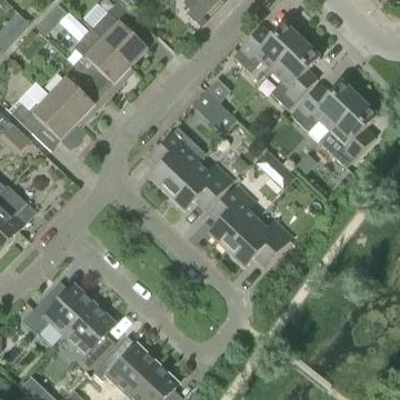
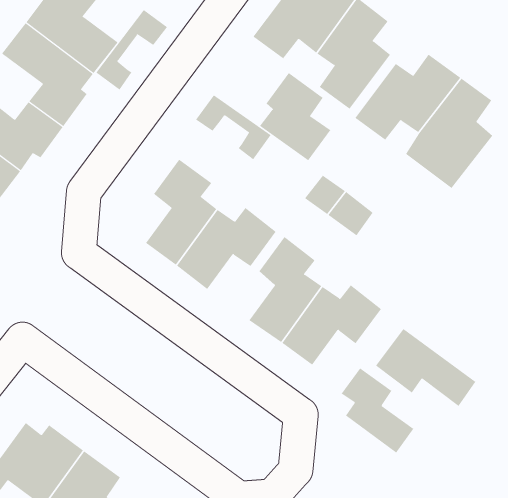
building: none -> [95,9,168,91]
building: none -> [259,72,331,161]
building: none -> [375,328,476,407]
building: none -> [341,367,414,453]

